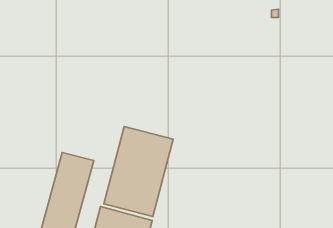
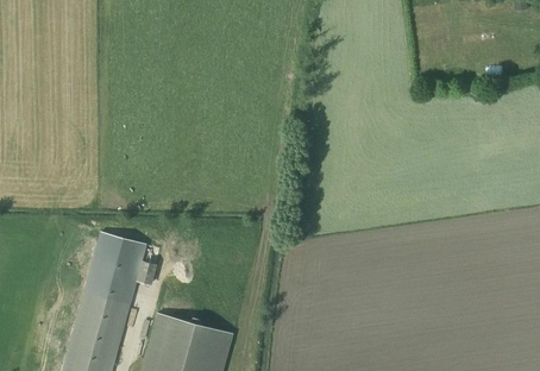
building: [104,127,173,217] -> none

